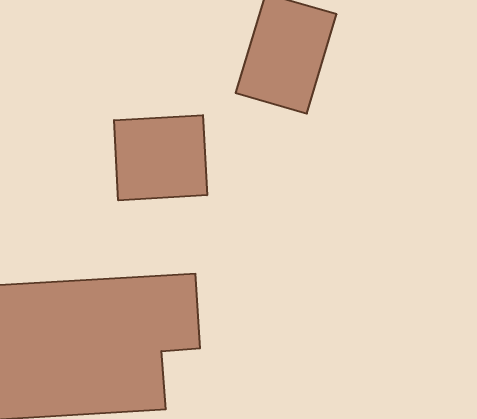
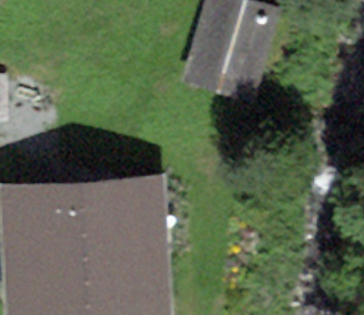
building: [114,115,207,200] -> none

